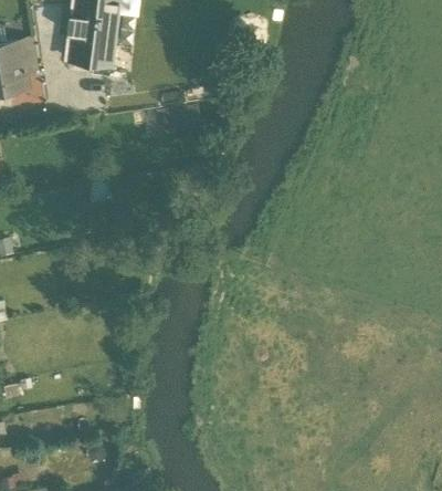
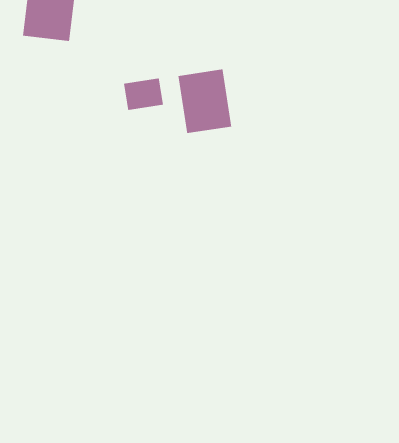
building: none -> [178,69,232,134]

